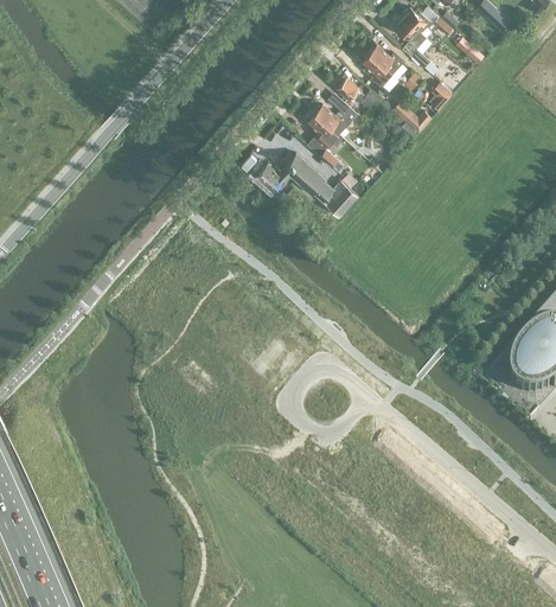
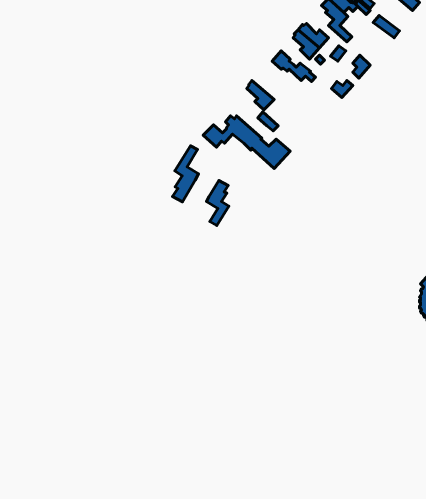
building: [309,101,354,132] -> none
building: none -> [173,146,199,202]
building: none -> [206,180,229,225]

